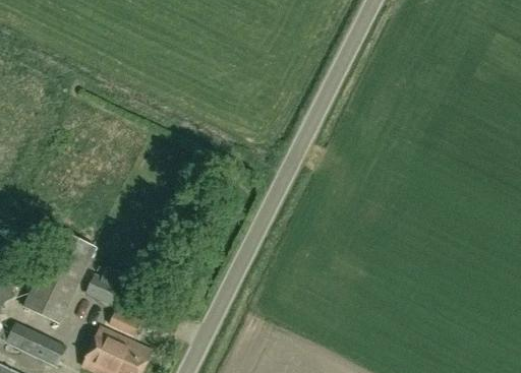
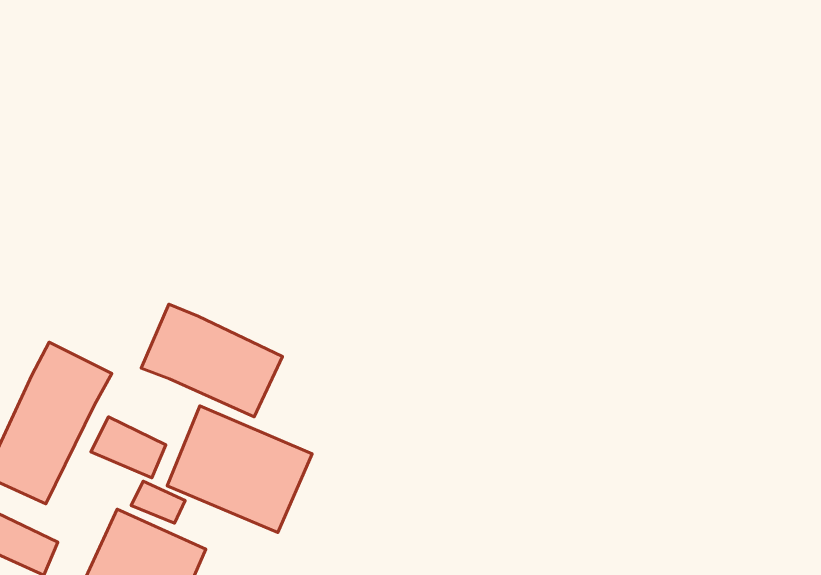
building: none -> [141,304,283,417]
building: none -> [167,406,312,532]

